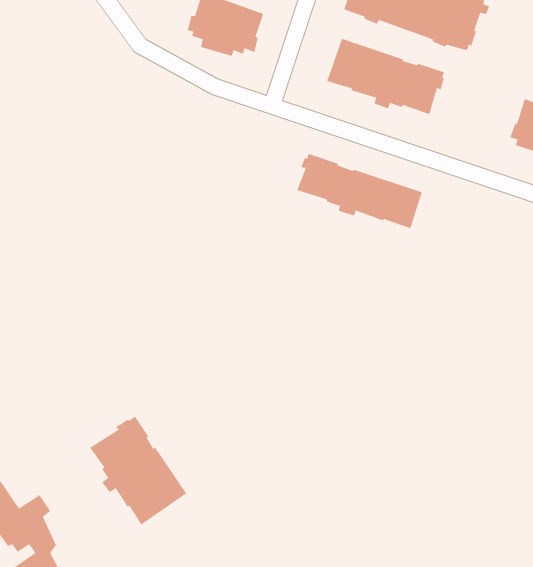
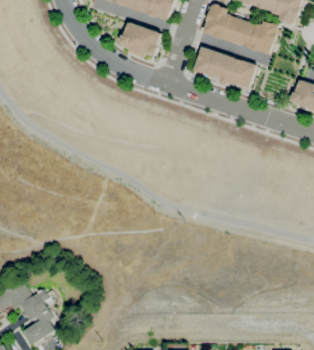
building: [296,153,423,229] -> none
building: [89,416,187,525] -> none

